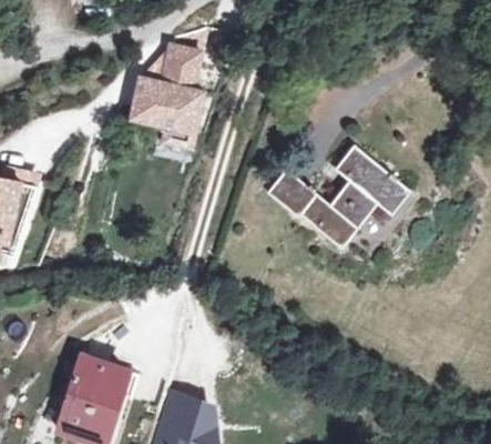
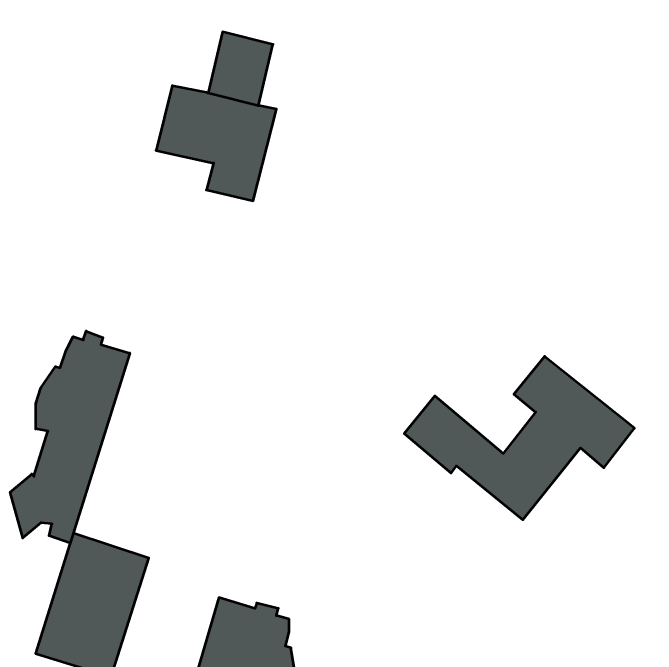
building: [268,145,410,246] -> [404,356,634,520]
building: none -> [10,331,130,543]

